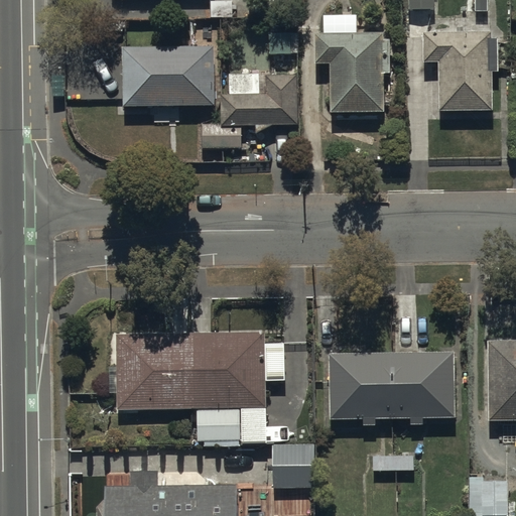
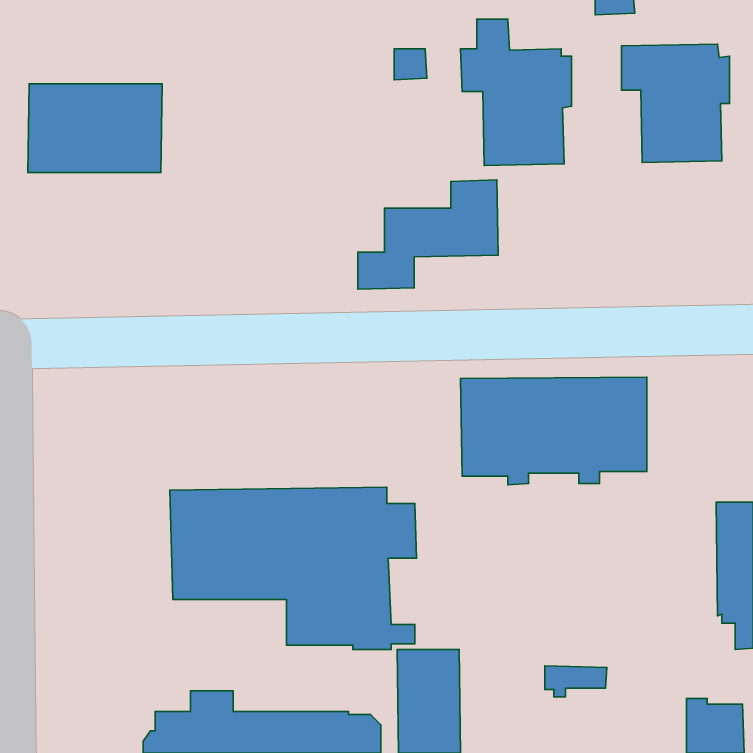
building: [122,46,214,107] -> [28,84,162,172]
building: [202,75,297,149] -> [358,180,498,289]
building: [329,352,456,425] -> [461,377,647,485]

